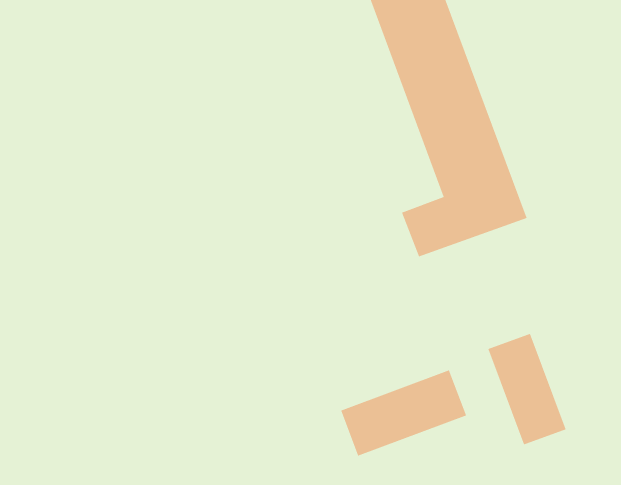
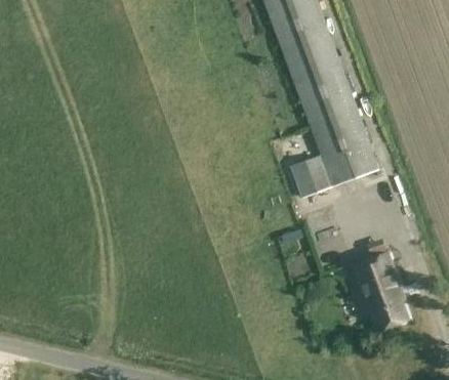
building: [340,370,467,457] -> none

